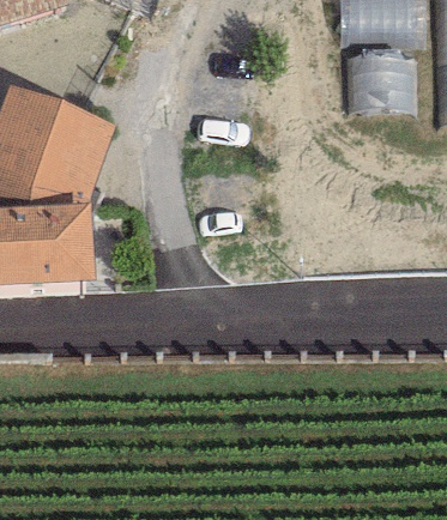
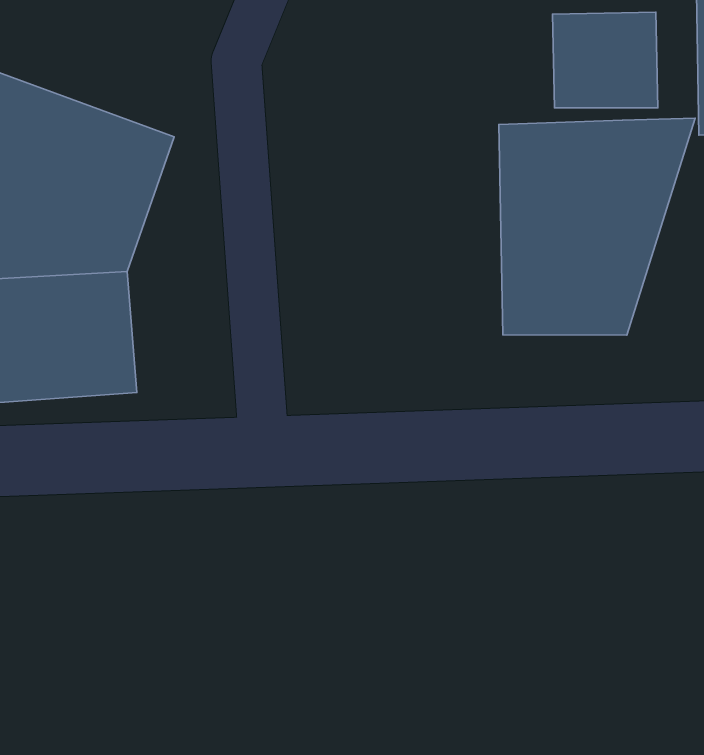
building: none -> [499,118,695,335]

